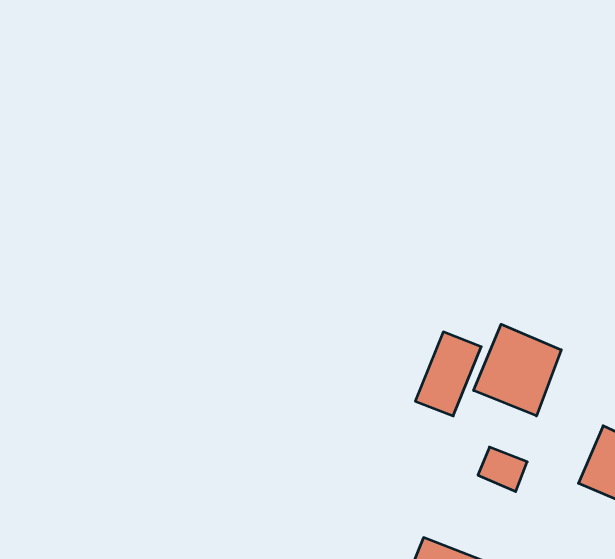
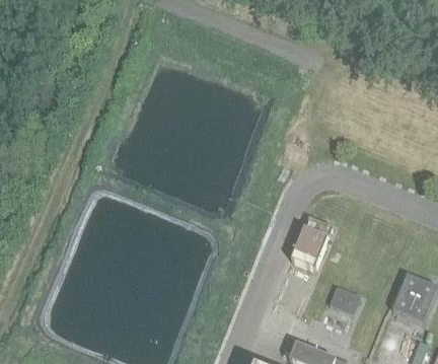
building: [474,324,561,416] -> none

